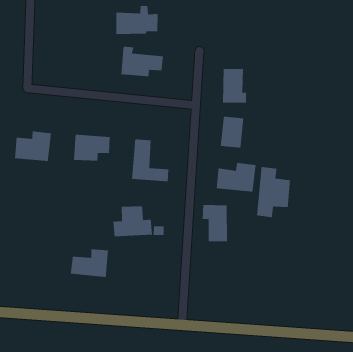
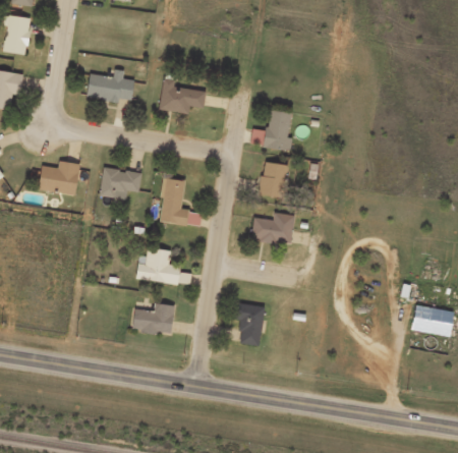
building: [115,5,158,35] -> [87,68,134,100]
building: [256,166,291,218] -> none
building: [202,204,228,242] -> [235,302,264,345]
building: [70,249,109,278] -> [131,302,175,335]

